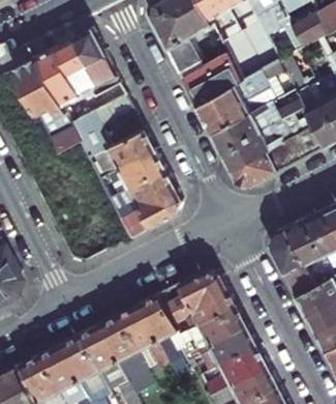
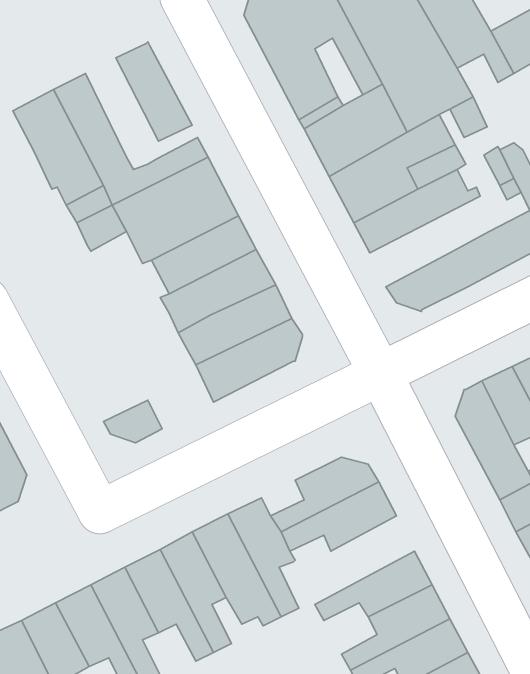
building: [56,38,98,100] -> none
building: [221,119,291,172] -> none
building: [184,306,247,357] -> none

